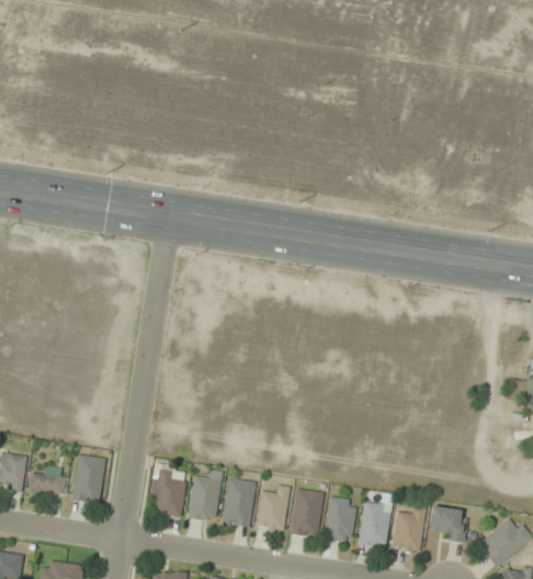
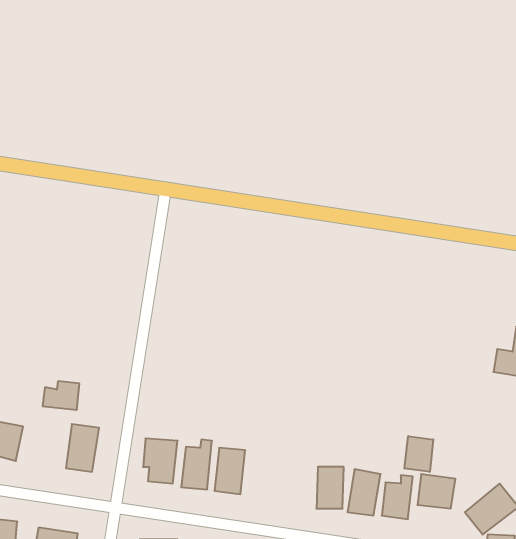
building: [28,467,65,496] -> [43,381,79,410]
building: none -> [405,436,433,472]
building: [256,485,289,531] -> none
building: [290,488,323,537] -> none

